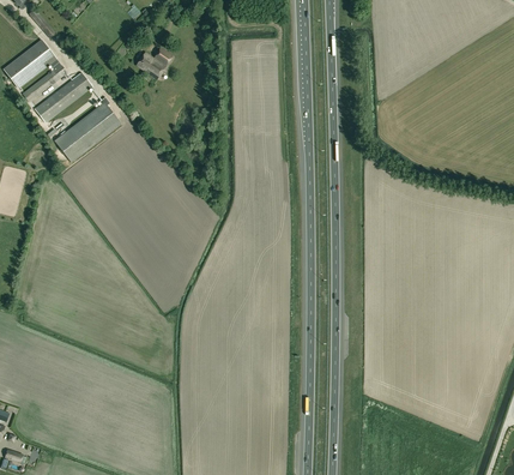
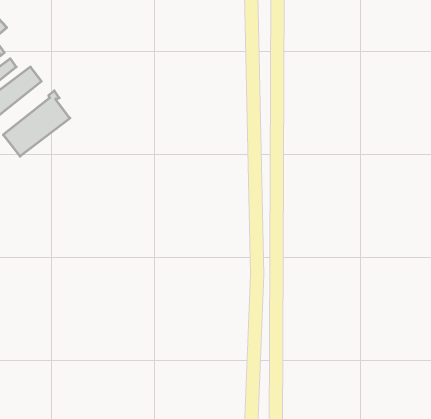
building: [137,47,174,79] -> none

